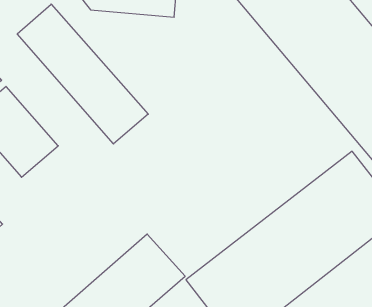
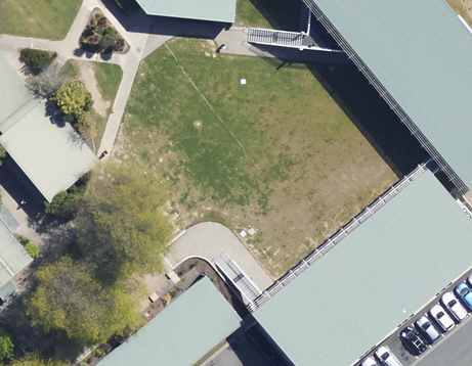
building: [17,4,148,144] -> none

